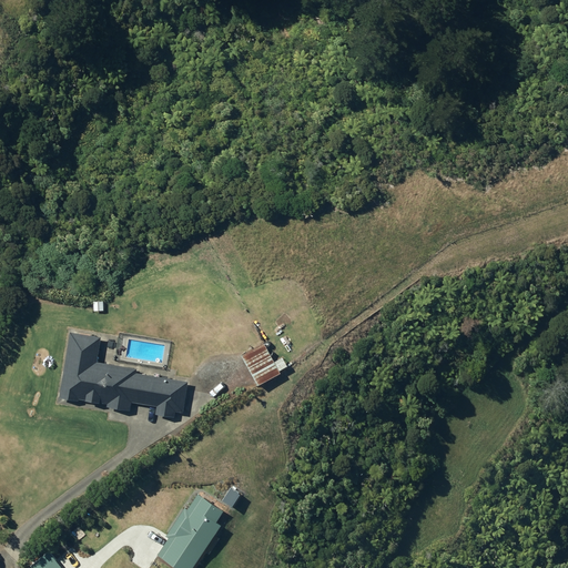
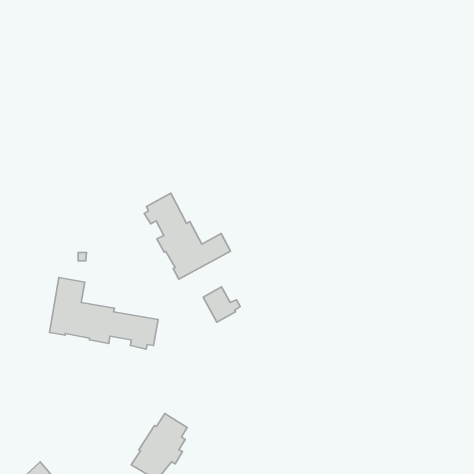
building: none -> [144,193,231,279]

